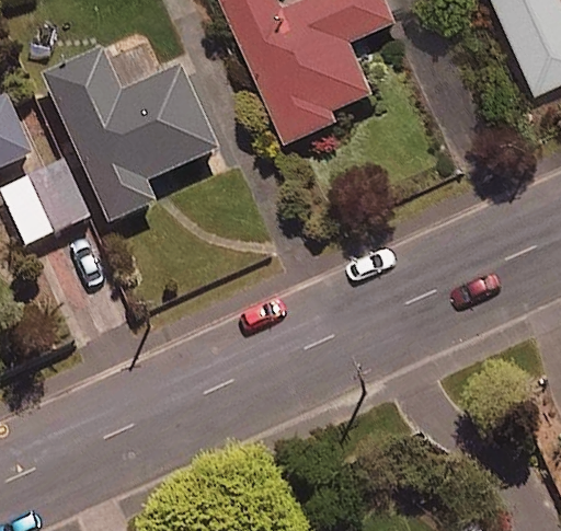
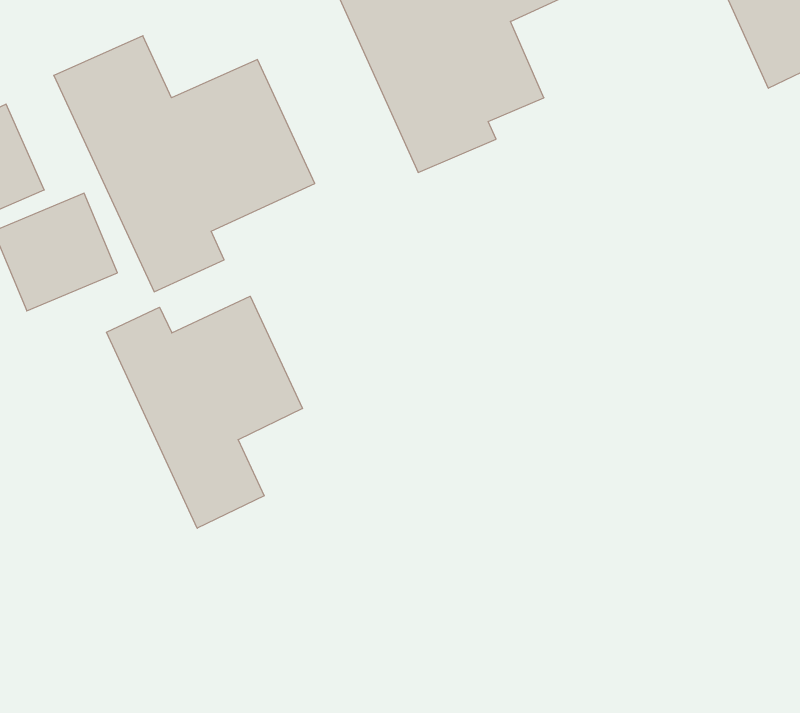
building: none -> [107,296,302,528]

